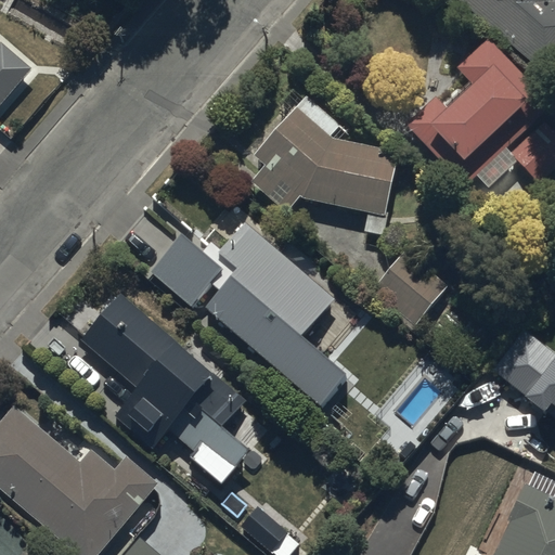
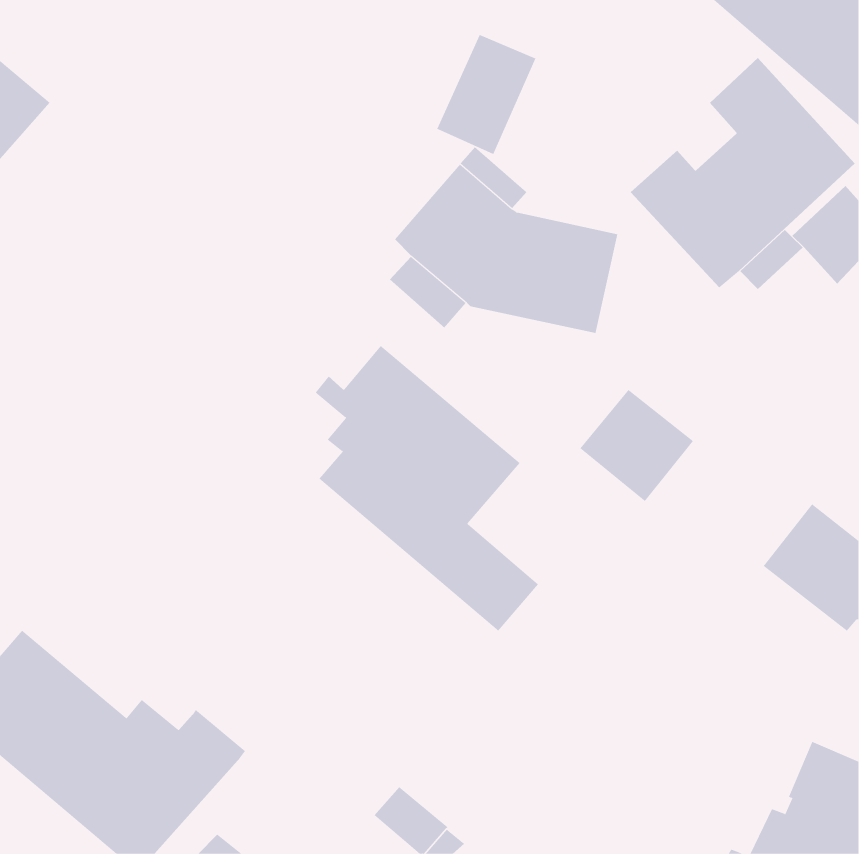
building: none -> [436,34,536,155]
building: [151,235,222,306] -> none
building: [80,293,249,483] -> none

